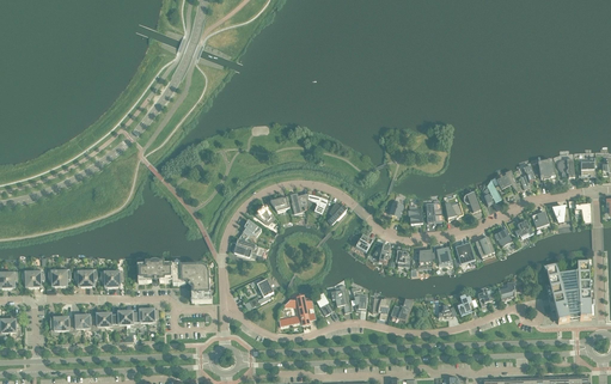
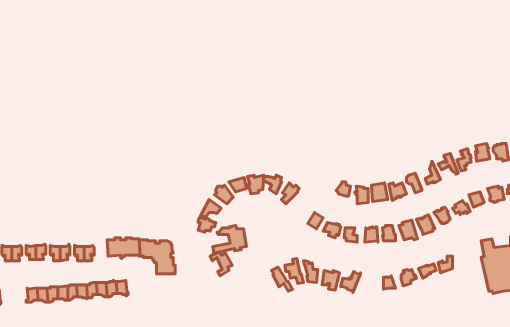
building: [277,295,314,325] -> [213,226,247,253]

